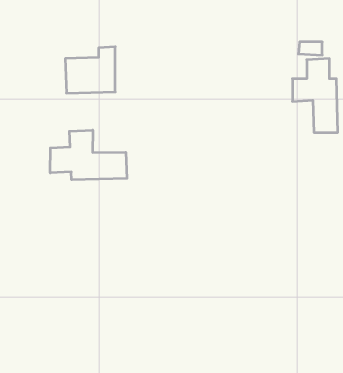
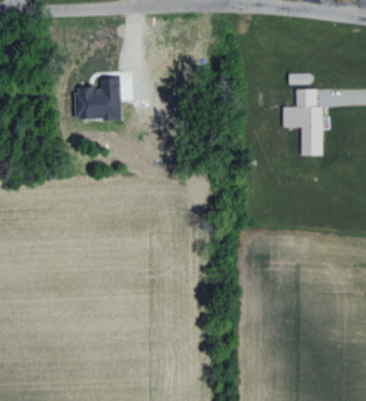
building: [50,130,127,180] -> none

